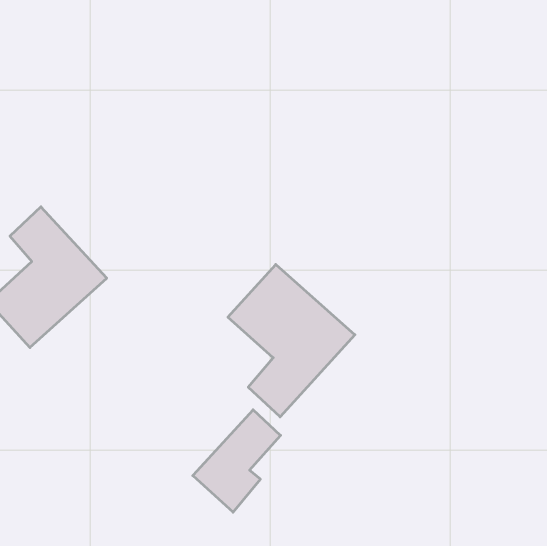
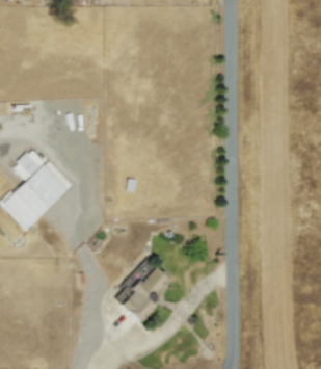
building: [228,264,355,417] -> none

